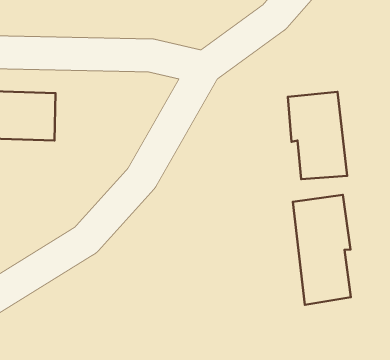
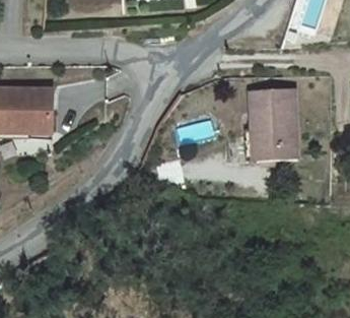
building: [293,195,351,305] -> none

